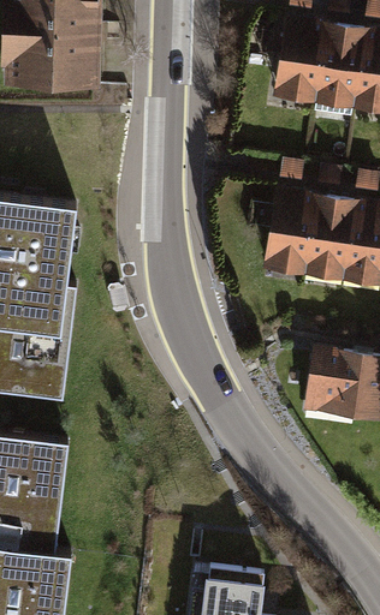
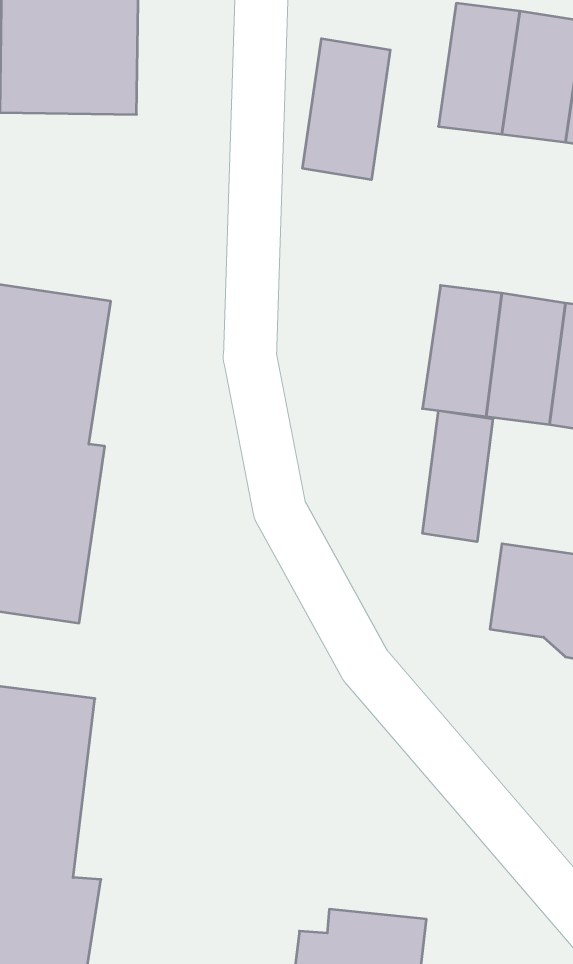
building: none -> [303,39,390,180]
building: none -> [423,411,493,542]

